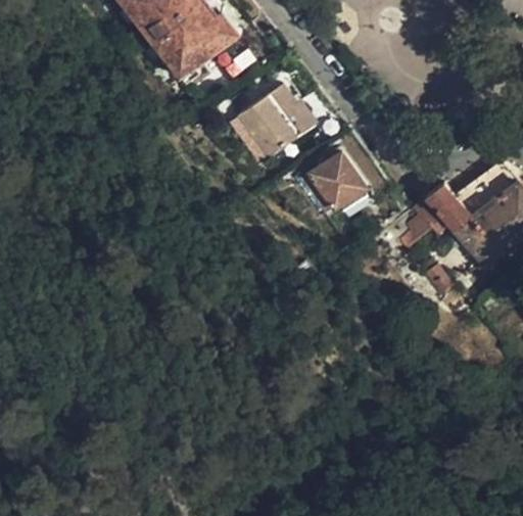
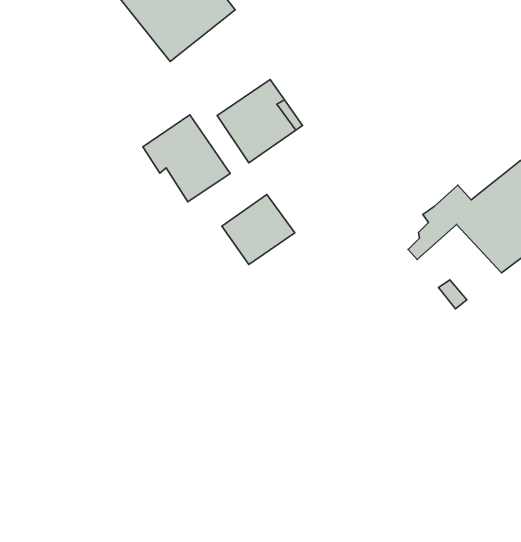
building: none -> [143,115,230,202]
building: [300,152,367,216] -> [222,195,295,264]

